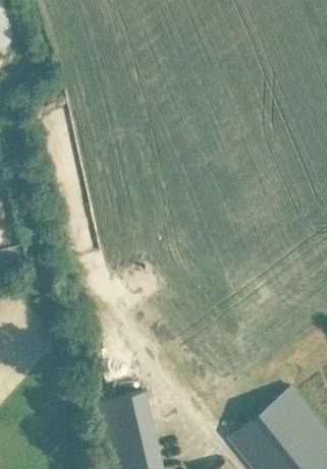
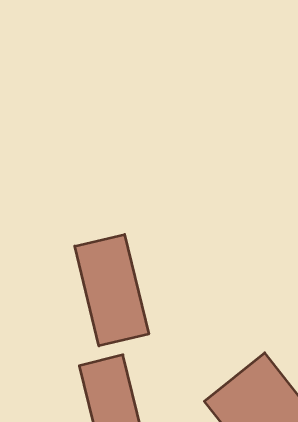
building: none -> [75,234,149,346]

